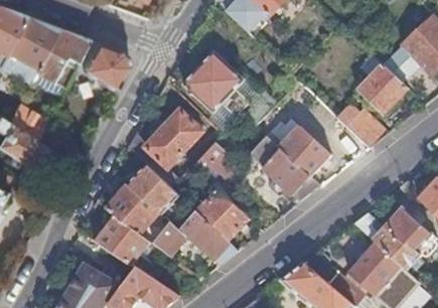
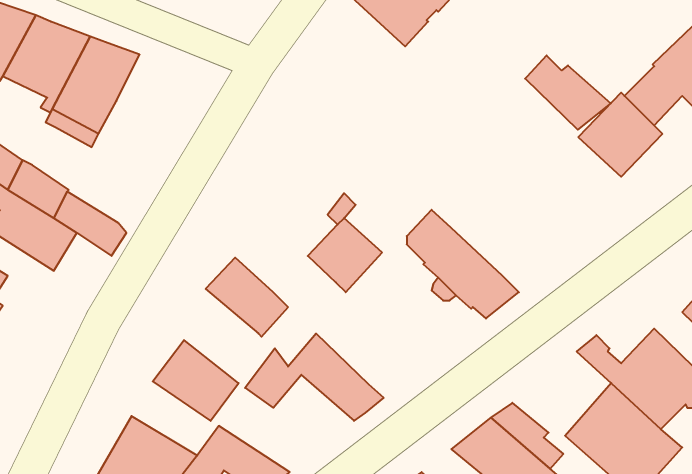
building: [75,39,128,91] -> none
building: [182,50,249,116] -> none
building: [336,102,389,147] -> [525,55,611,130]
building: [128,108,202,184] -> none
building: [279,125,329,174] -> none
building: [195,178,250,241] -> none
building: [107,182,161,233] -> none

